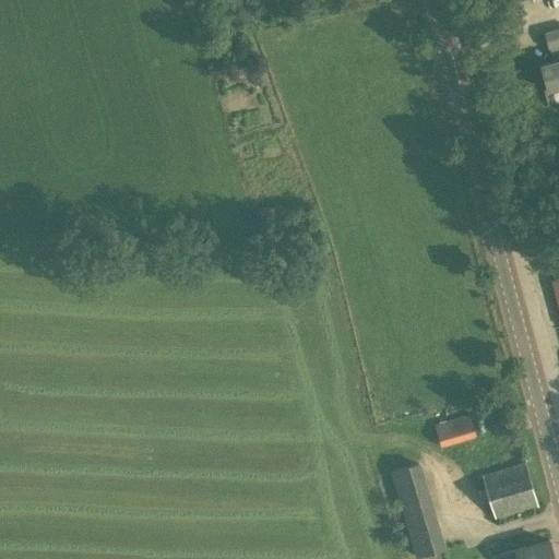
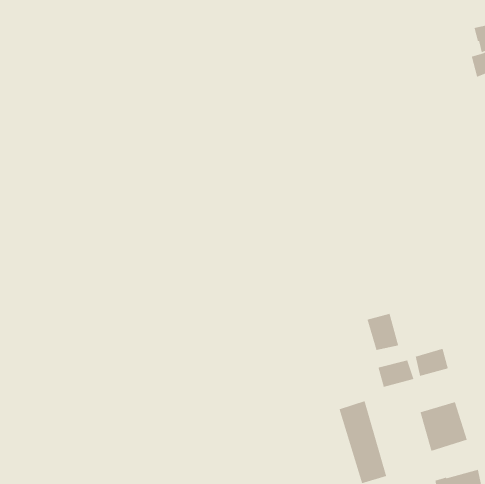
building: none -> [366,313,399,351]
building: none -> [415,348,449,377]

